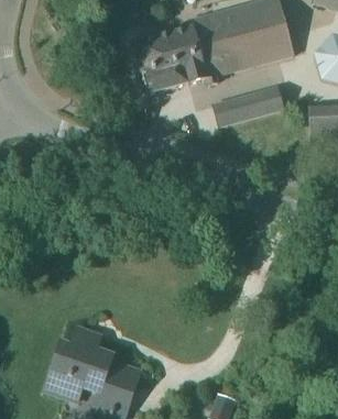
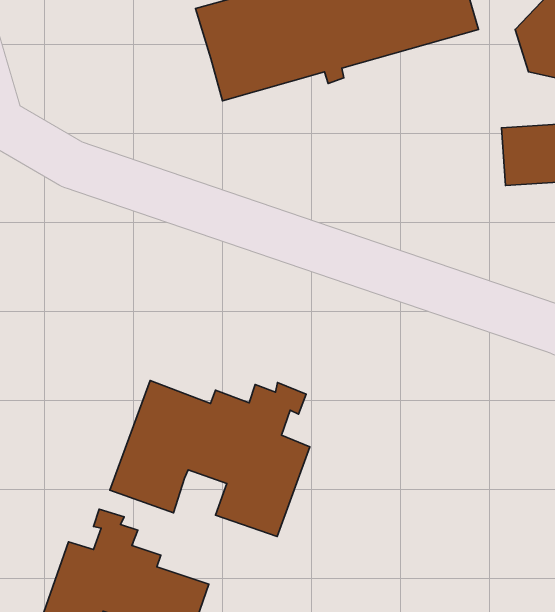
building: [212,86,283,125] -> none
building: none -> [110,380,310,536]

